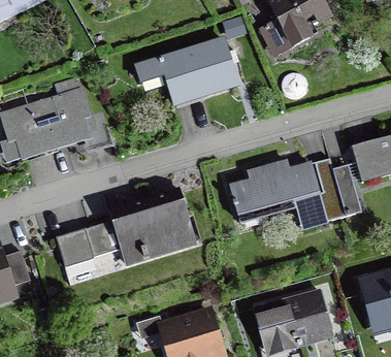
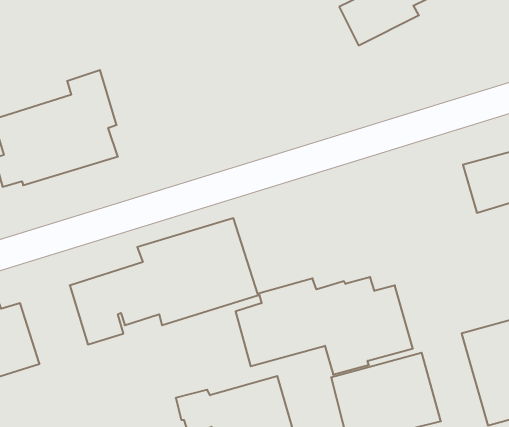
building: [133,35,240,108] -> none
building: [229,157,362,230] -> [236,277,413,375]

